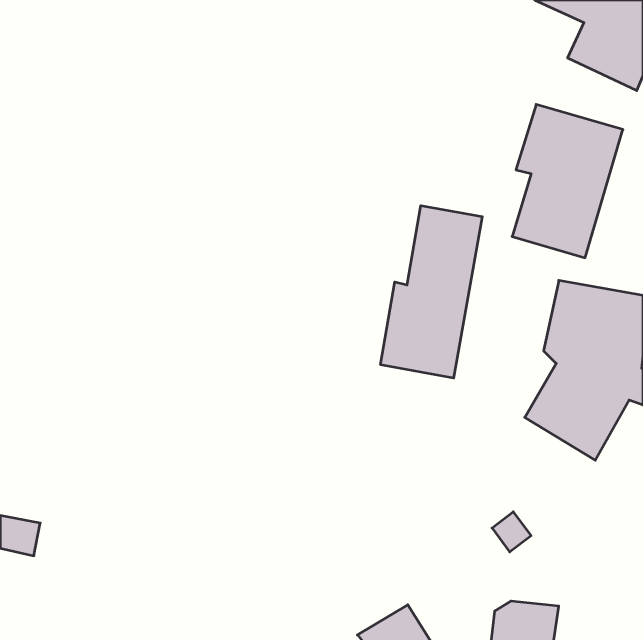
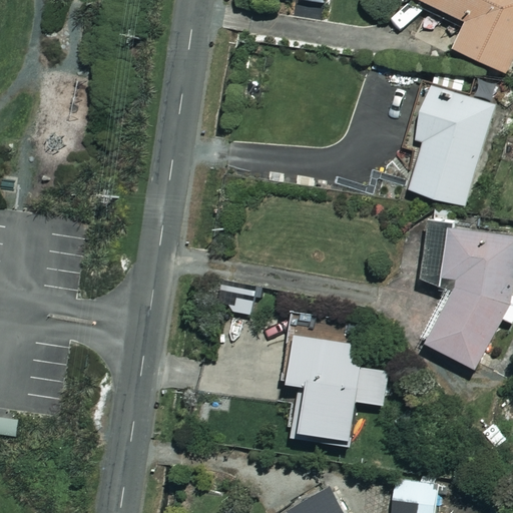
building: [381,206,482,378] -> none
building: none -> [282,332,389,445]

